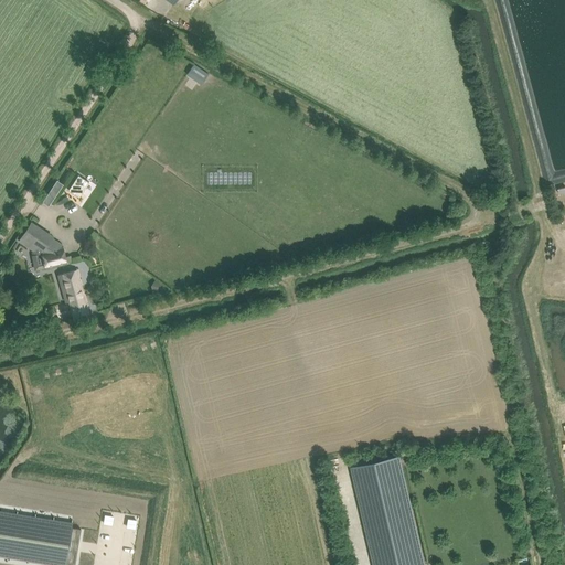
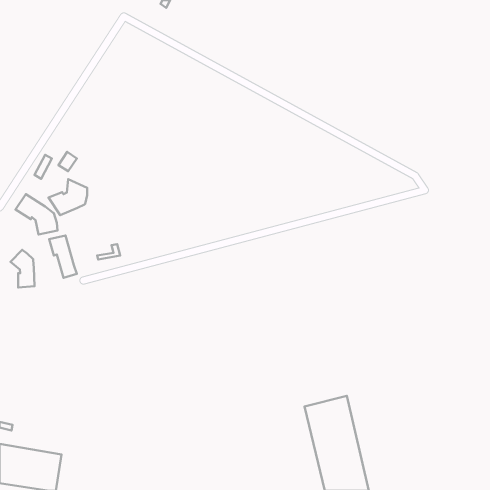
building: none -> [48,179,87,215]
building: none -> [10,250,34,288]

